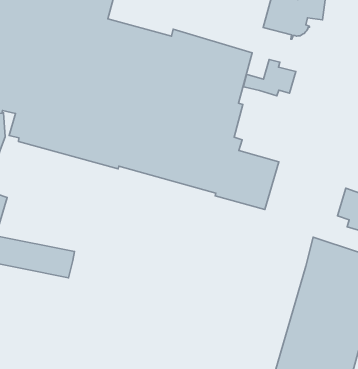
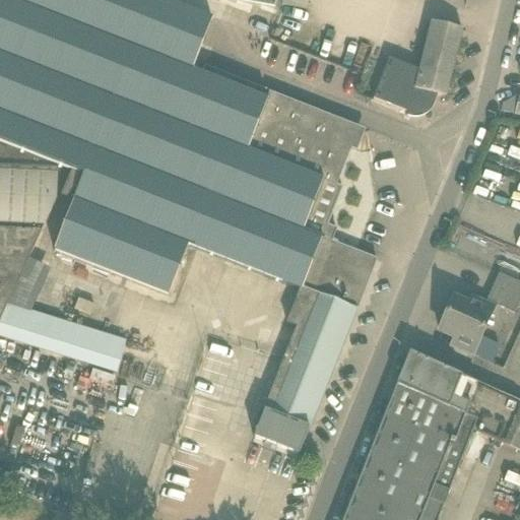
building: [244,59,296,96] -> none
building: none -> [54,201,186,294]
building: none -> [254,289,354,452]

